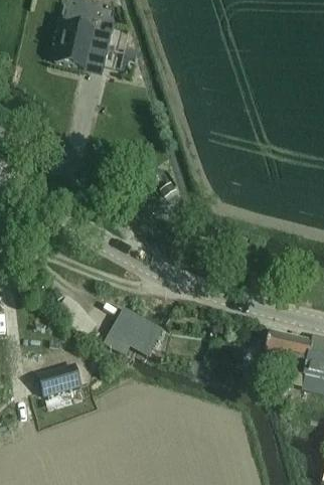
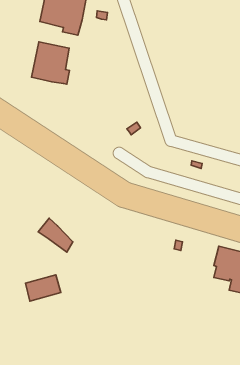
building: none -> [31,42,69,84]
building: [104,306,164,356] -> none

